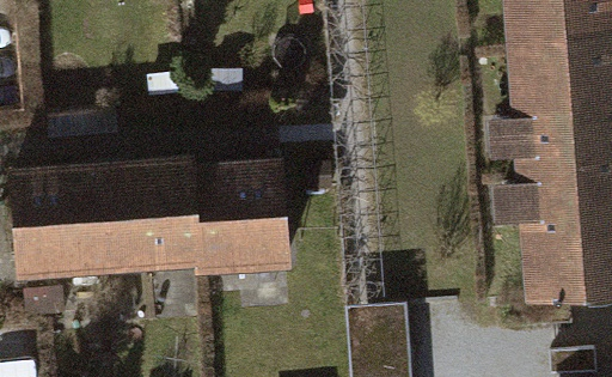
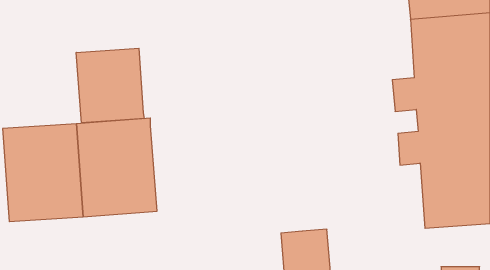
building: none -> [76,48,144,123]
building: [188,163,288,286] -> none

